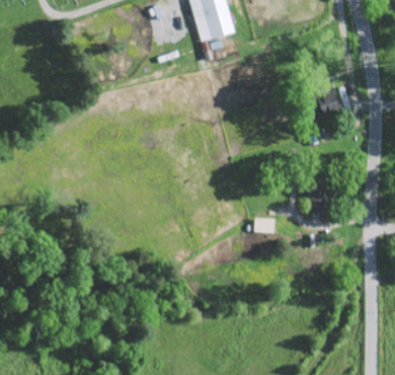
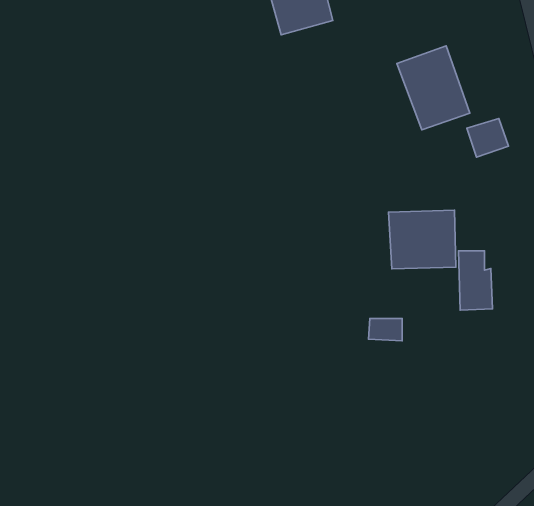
building: none -> [397,46,470,130]
building: none -> [388,210,456,269]

